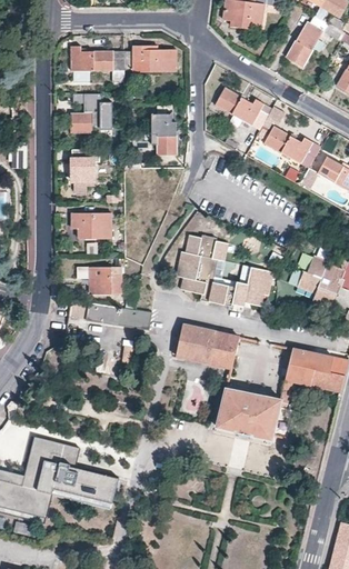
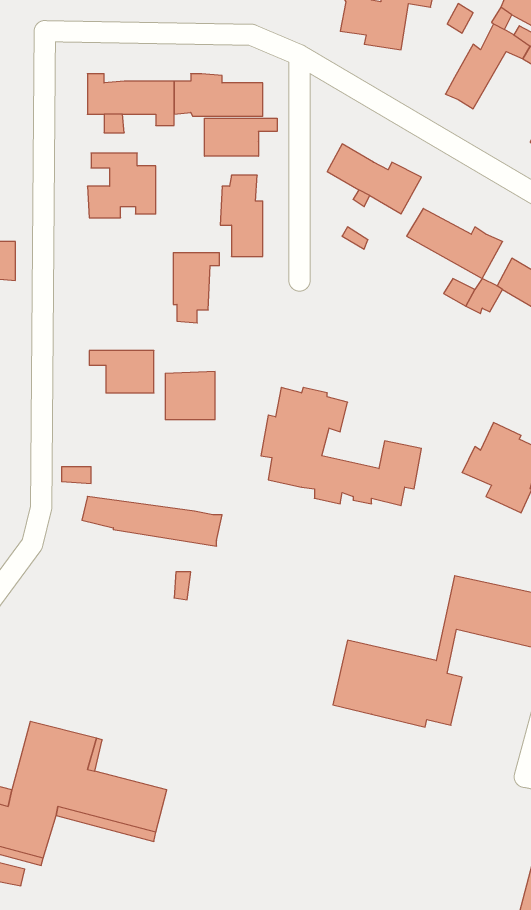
building: none -> [205,118,277,156]
building: [72,149,100,191] -> [173,253,219,323]
building: [91,266,121,295] -> [165,372,215,420]
building: [176,325,239,368] -> none

